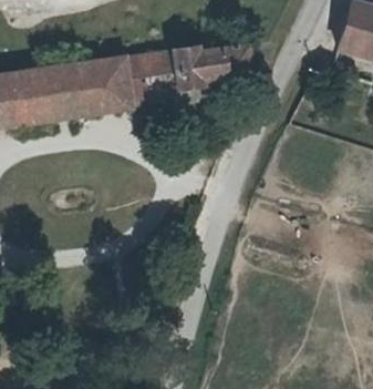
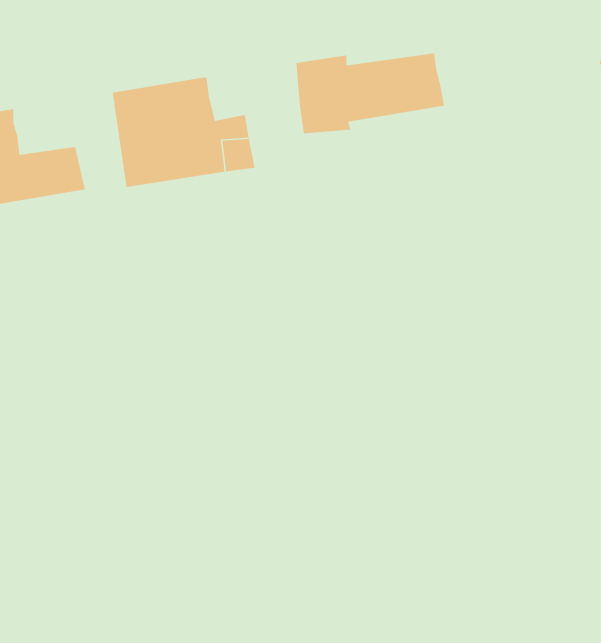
building: [116,49,168,81] -> none
building: [10,65,72,120] -> none

